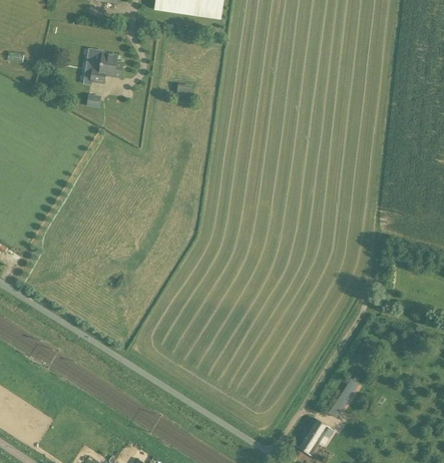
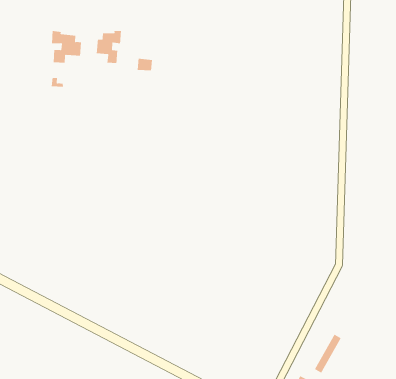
building: none -> [96,30,121,64]

